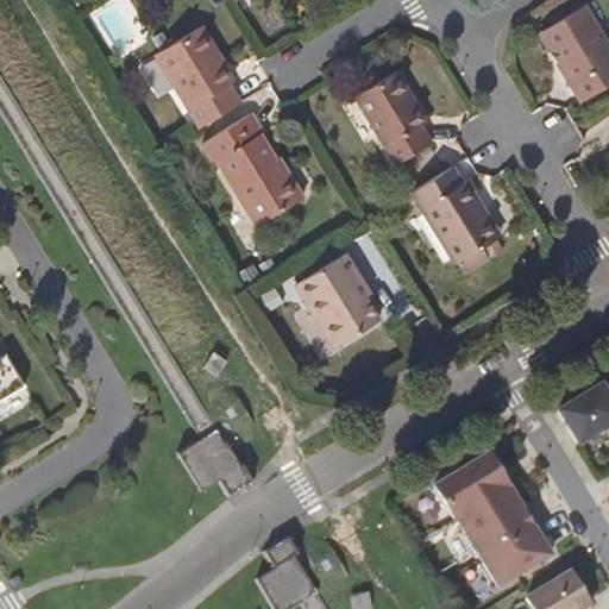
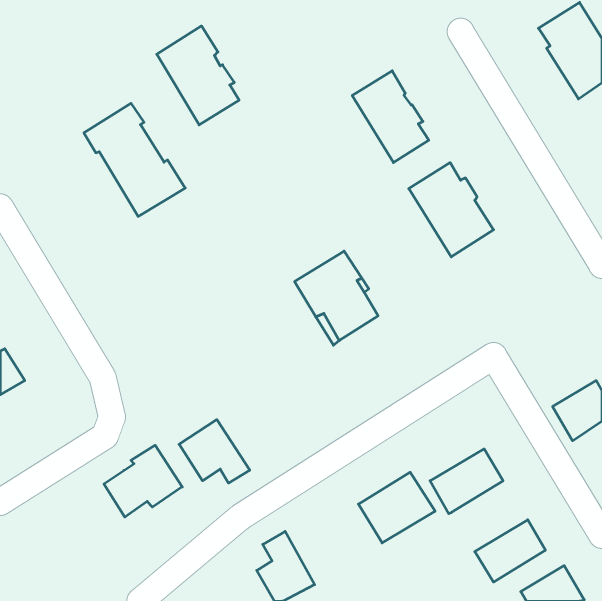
building: [203,112,306,226] -> [84,103,185,216]
building: none -> [104,445,182,517]
building: [456,485,533,557] -> [358,472,435,543]

